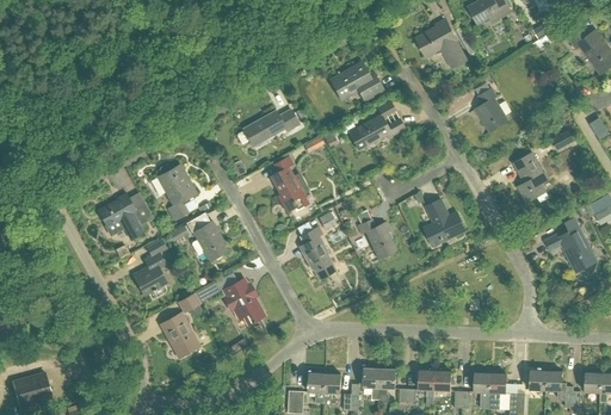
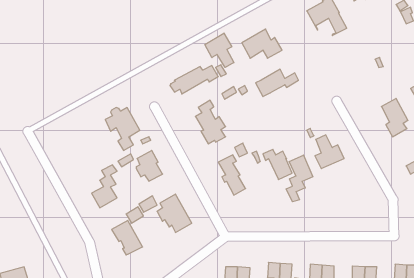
building: none -> [205,33,234,67]
building: [476,87,508,131] -> none
building: [98,193,149,239] -> none
building: none -> [286,155,313,202]

